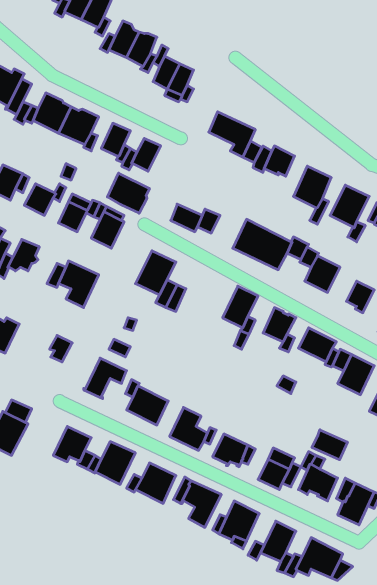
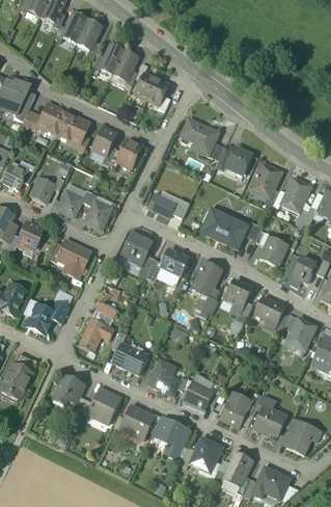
building: [107,173,149,213] -> none
building: none -> [161,247,188,273]
building: none -> [26,304,54,332]
building: [312,430,347,460] -> none

